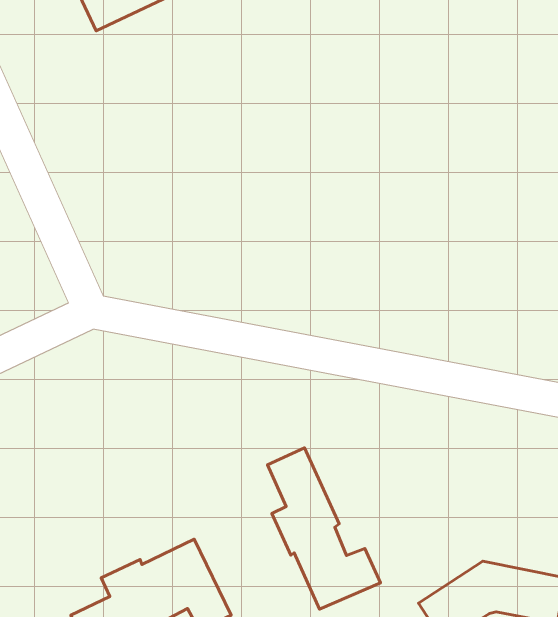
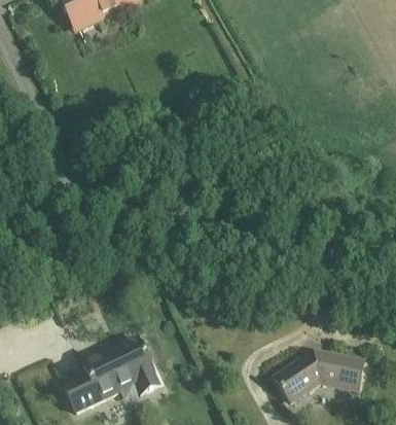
building: [267,448,381,609] -> none

